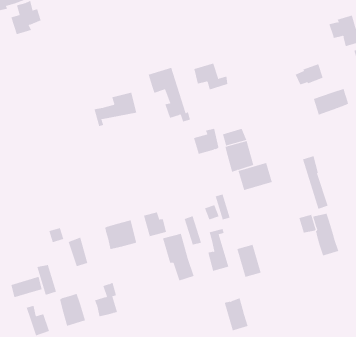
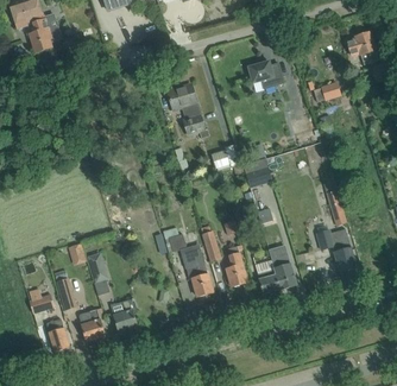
building: [194,63,228,90] -> [248,61,283,88]
building: [313,88,349,115] -> none
building: [94,92,137,127] -> none
building: [238,162,272,191] -> none
building: [105,219,137,250] -> none
building: [223,298,248,331] -> [271,255,296,289]

